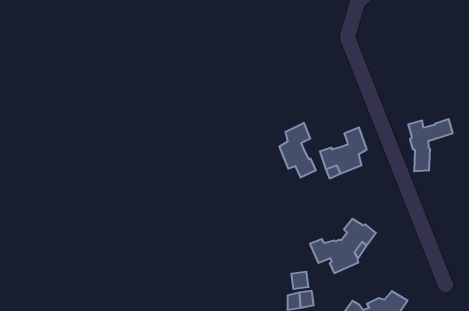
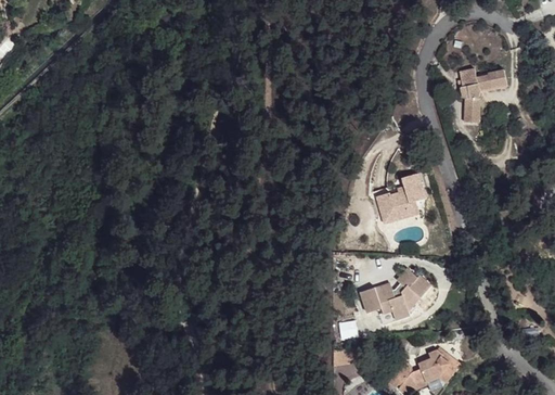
building: [408,119,453,171] -> [459,64,505,117]
building: [279,123,316,178] -> none

